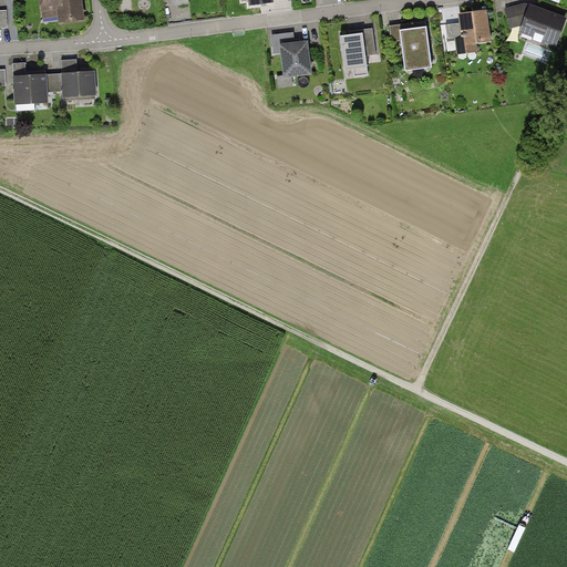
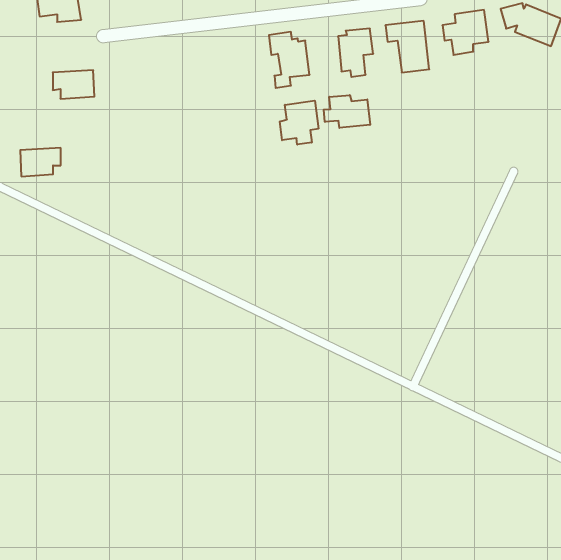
building: [12,73,53,102] -> [20,148,61,176]
building: none -> [324,95,370,128]
building: none -> [280,101,318,145]

